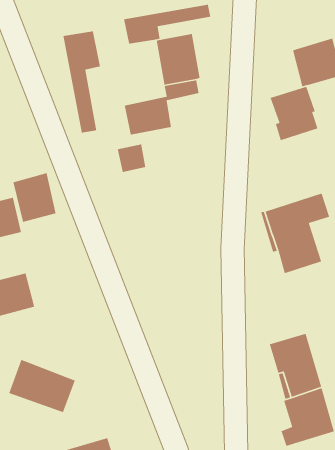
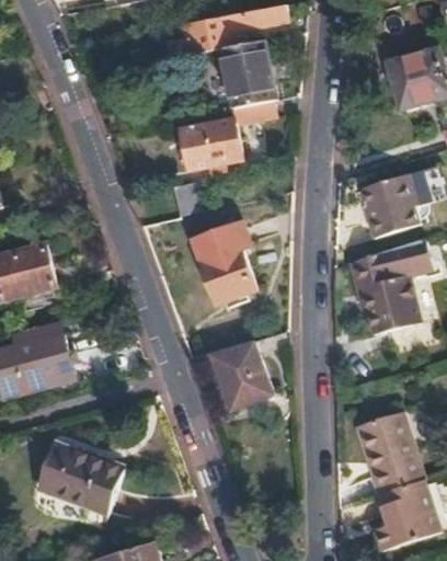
building: [62,30,101,133] -> none
building: [269,86,318,141] -> [366,173,426,241]
building: [12,172,57,223] -> none
building: none -> [192,218,255,300]
building: none -> [216,351,272,405]

